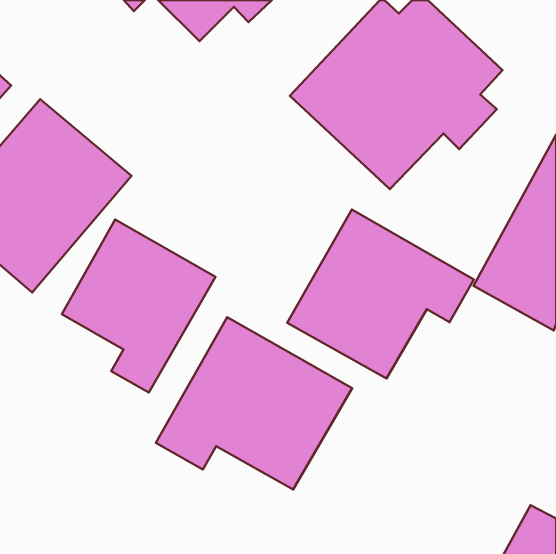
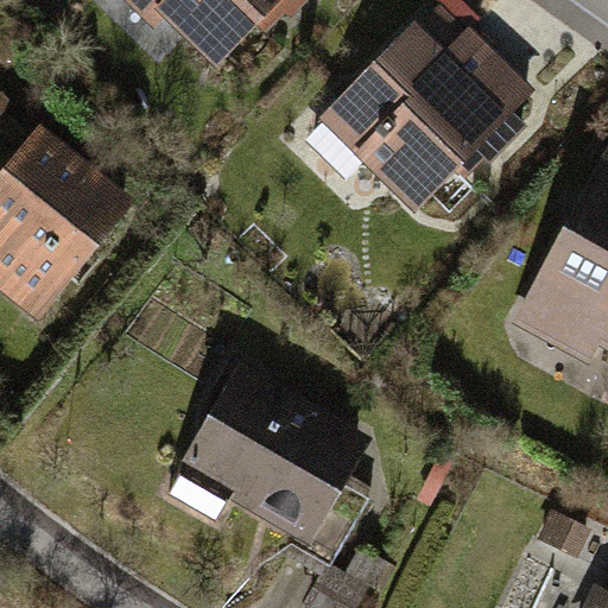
building: [287,209,474,379] -> none
building: [62,220,216,393] -> none

